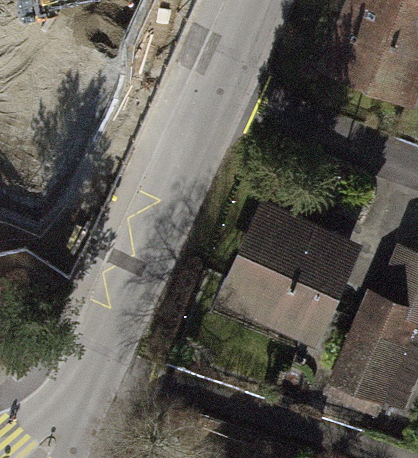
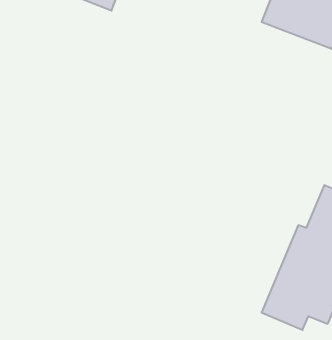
building: [240,220,339,319] -> none

